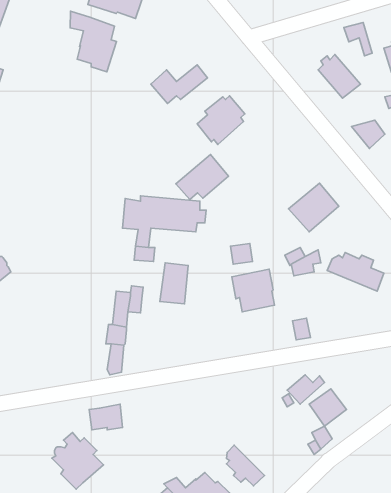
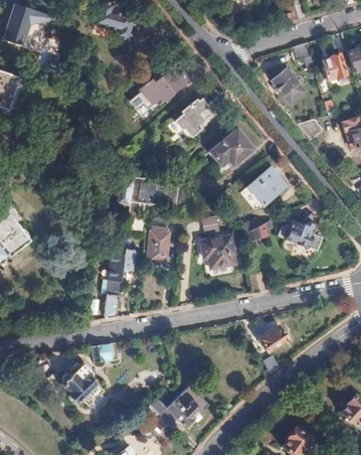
building: [70,11,116,72] -> none
building: [176,154,228,199] -> [212,131,253,166]
building: [226,445,265,486] -> none

